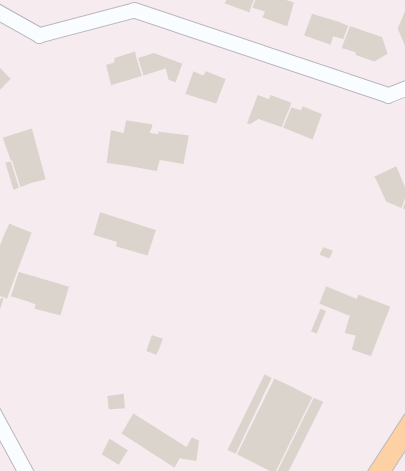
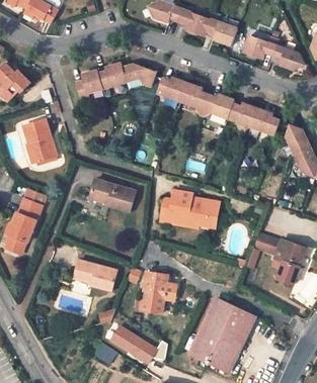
building: none -> [74,70,102,98]
building: none -> [179,82,209,115]
building: none -> [249,108,279,135]
building: [106,120,190,172] -> [158,190,219,227]
building: none -> [285,124,310,154]
building: [10,271,70,316] -> [73,259,116,291]
building: none -> [134,271,176,313]

